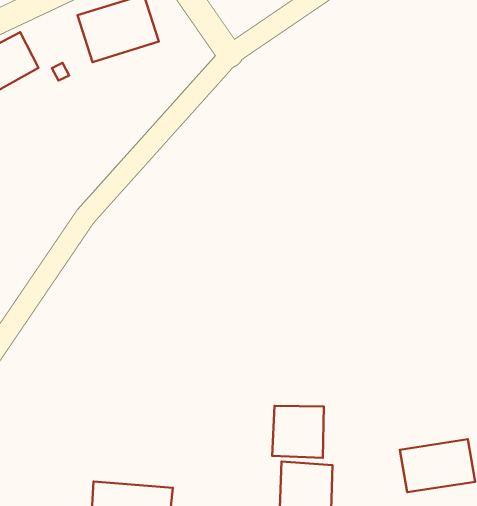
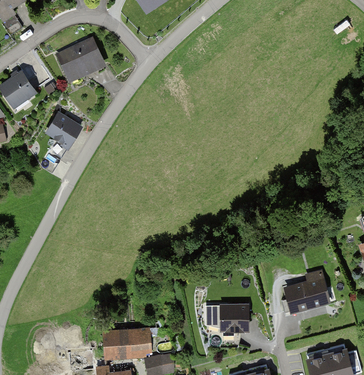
building: none -> [46,111,81,142]
building: [272,406,324,458] -> none

